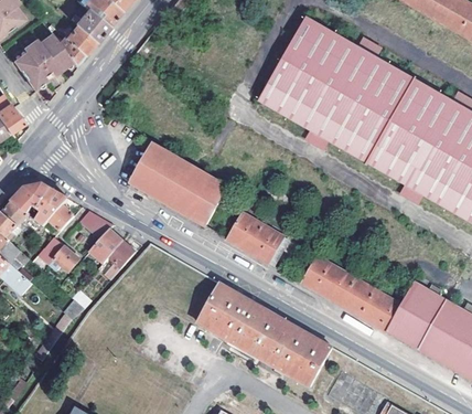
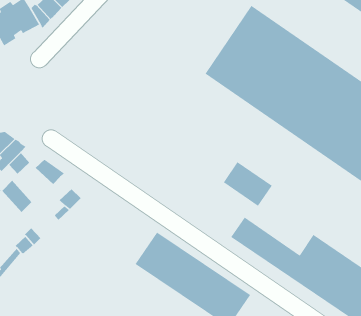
building: [131,144,228,226] -> none
building: [228,213,285,263] -> [223,161,273,207]
building: [90,229,121,262] -> none

